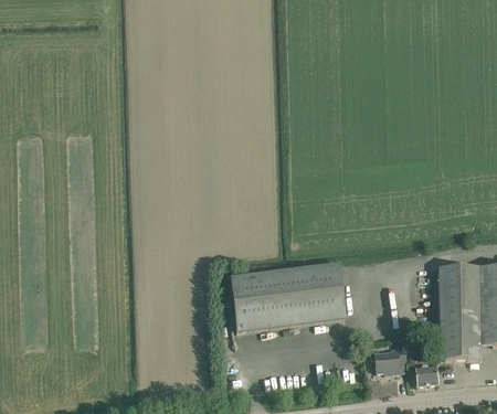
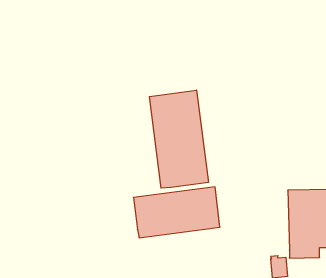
building: none -> [149,90,208,188]
building: [370,348,406,372] -> none

